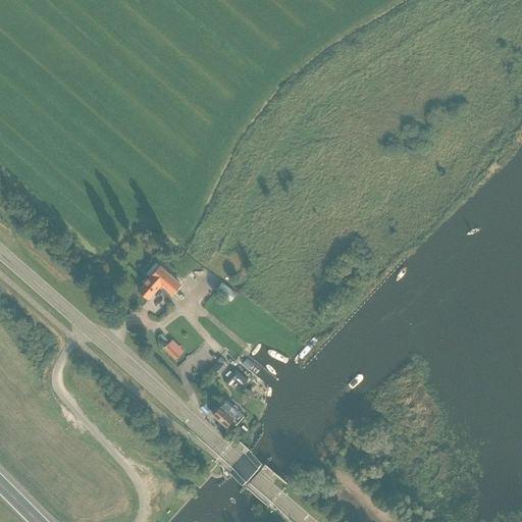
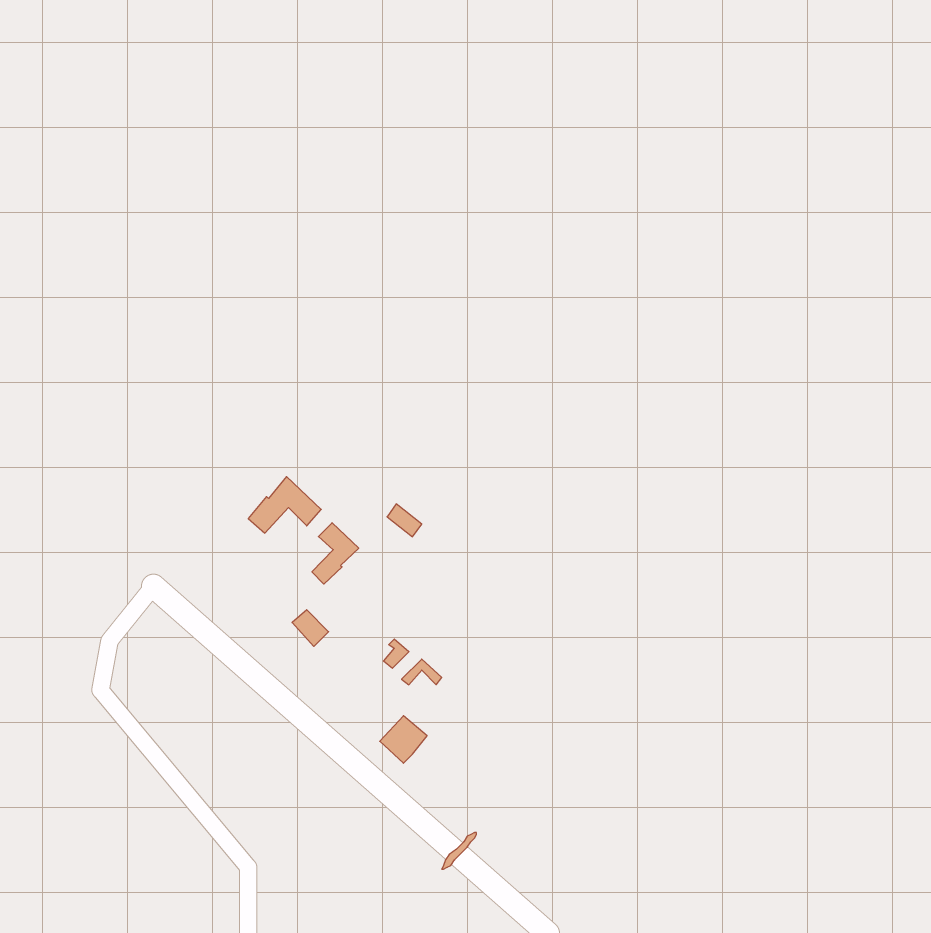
building: none -> [312,523,359,584]

